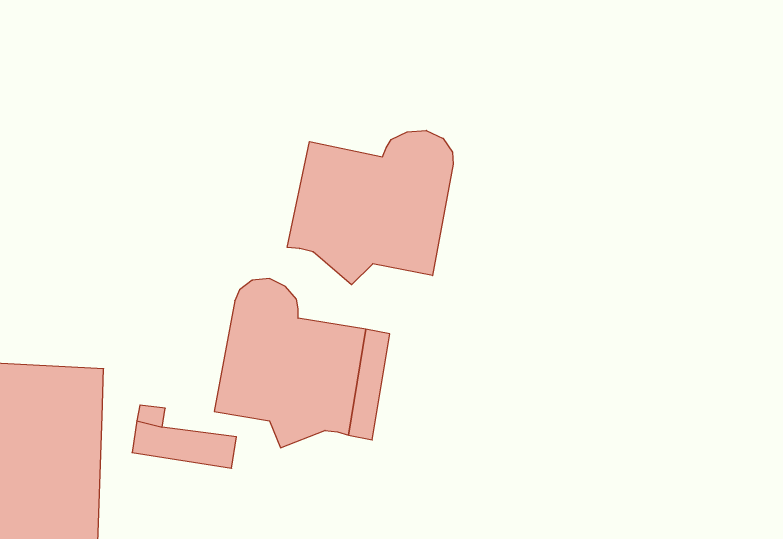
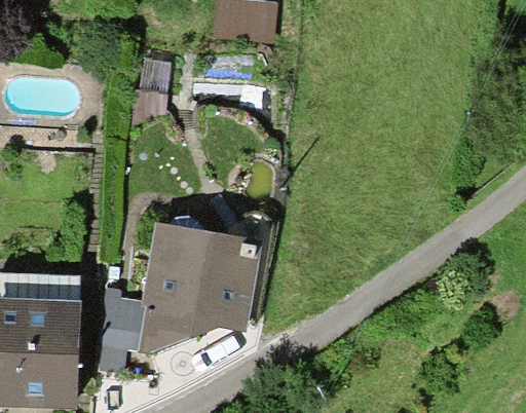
building: [287,130,453,285] -> none

